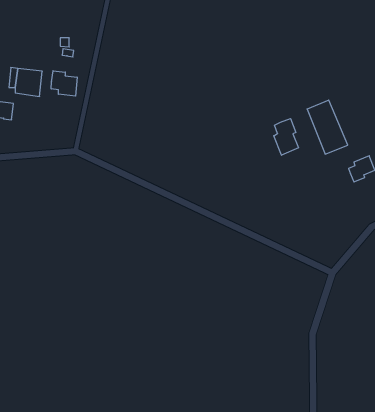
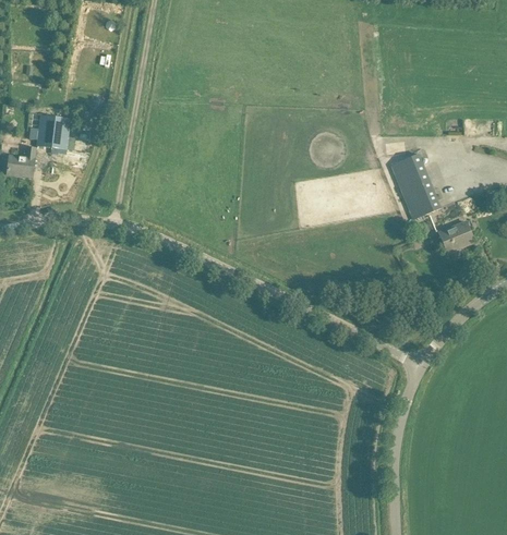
building: [51,71,77,96] -> none
building: [274,119,298,155] -> none

